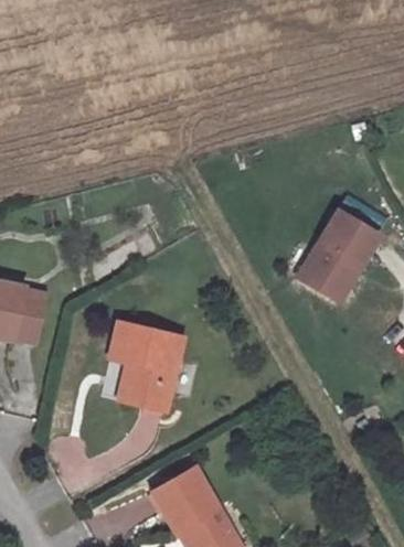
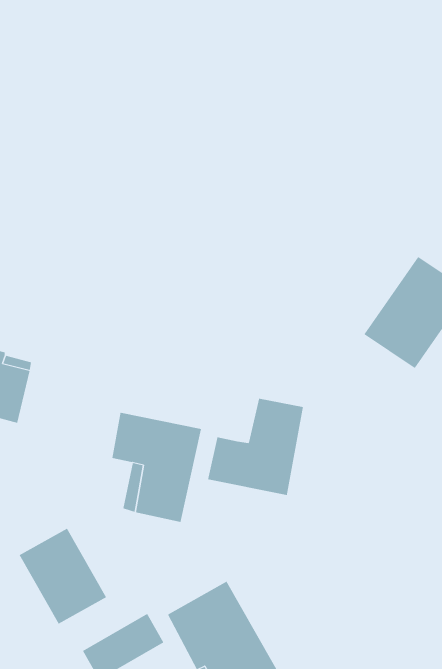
building: none -> [207,398,303,496]
building: none -> [19,528,107,624]

